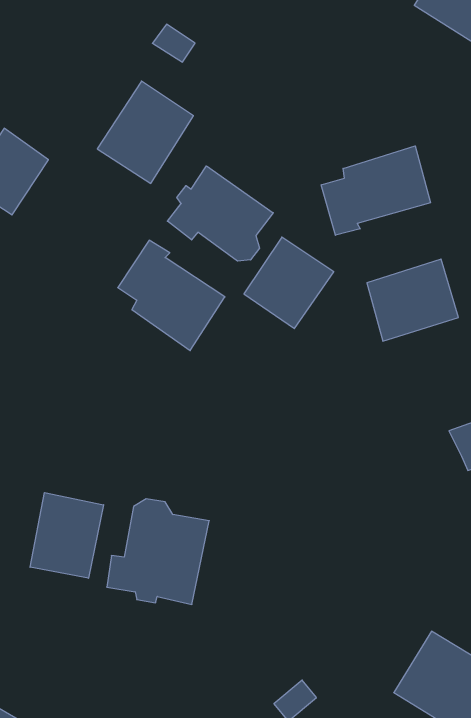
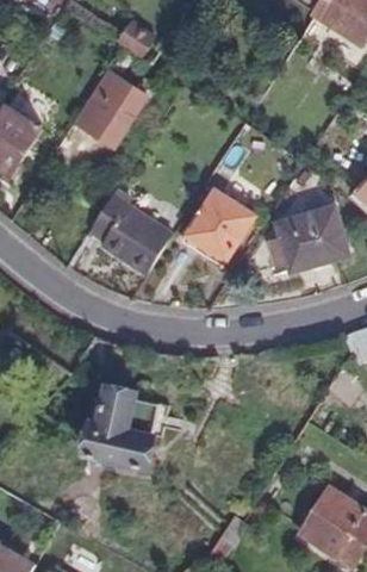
building: [321,146,430,235] -> none
building: [167,166,273,261] -> none
building: [30,493,104,578] -> none

